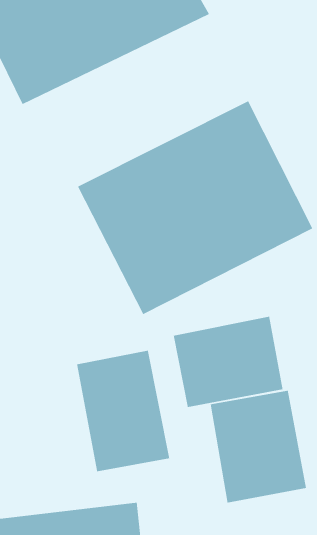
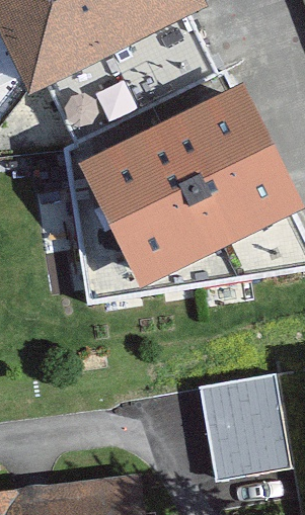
building: [173,316,283,408] -> none
building: [76,350,170,472] -> none

